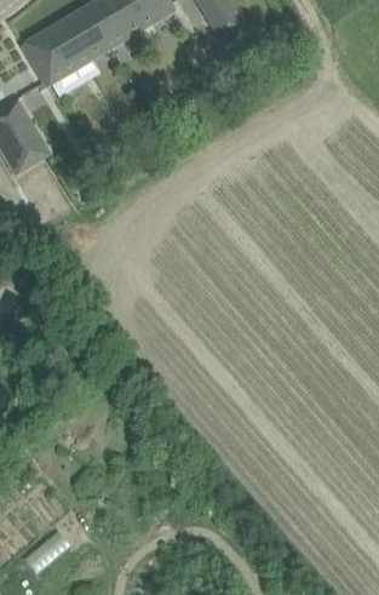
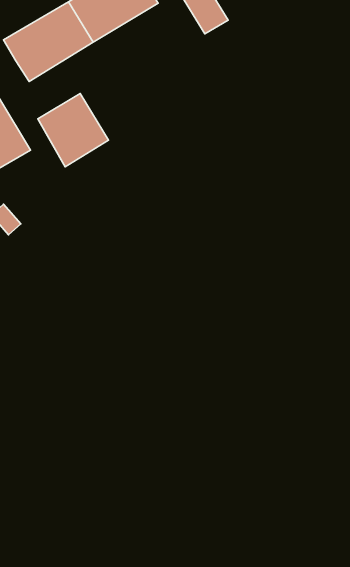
building: none -> [38,93,109,167]

